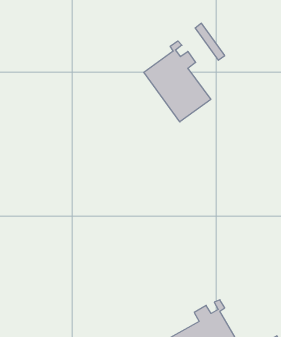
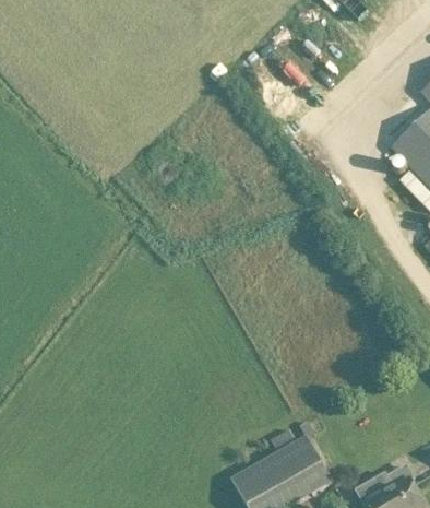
building: [144,41,211,122] -> none

